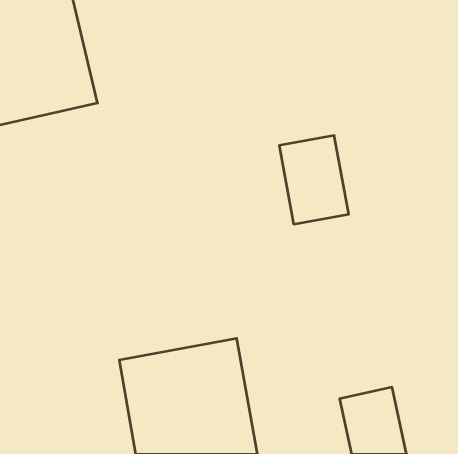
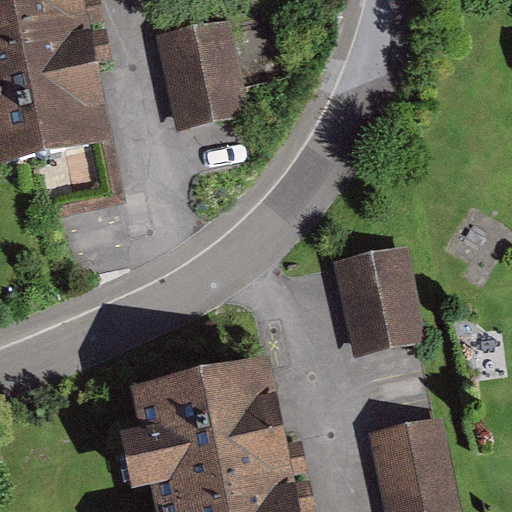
building: none -> [157,21,245,127]
building: [279,136,349,224] -> [341,255,418,353]

